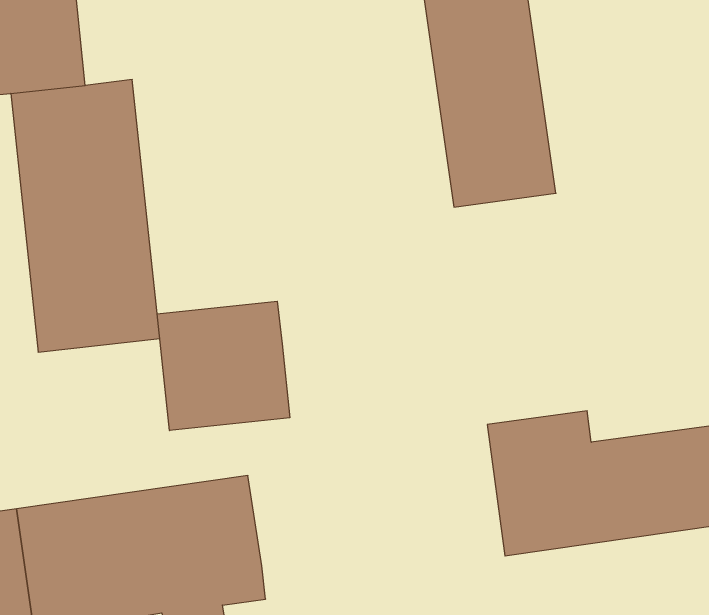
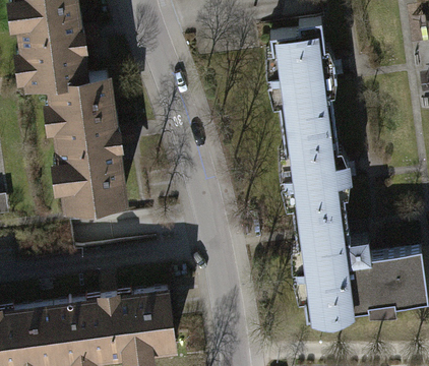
building: none -> [280,137,349,257]
building: [157,301,290,431] -> none

